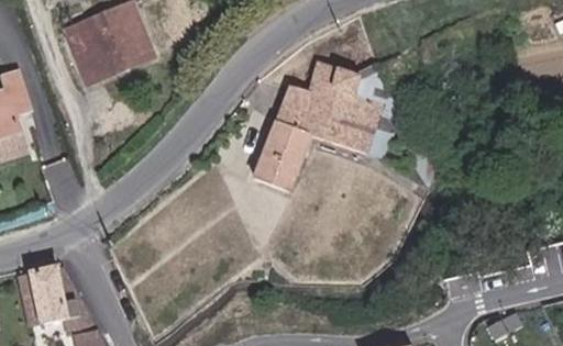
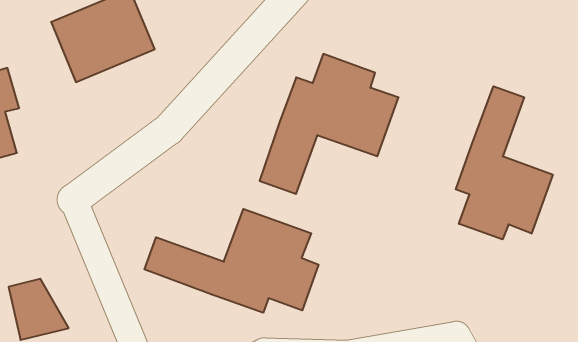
building: none -> [456,86,553,239]
building: none -> [144,209,319,313]

